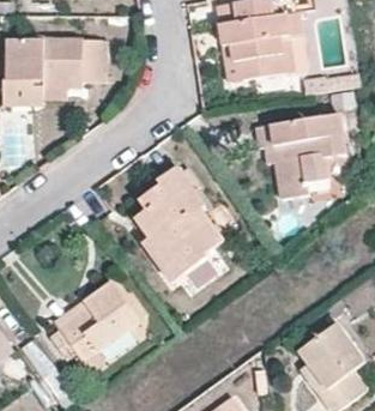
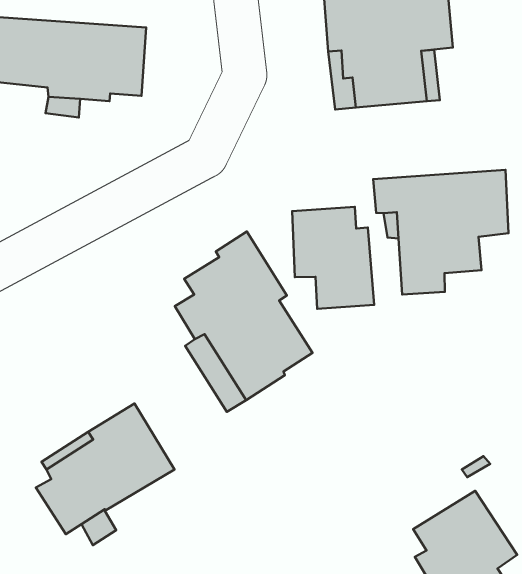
building: none -> [292,207,374,309]

